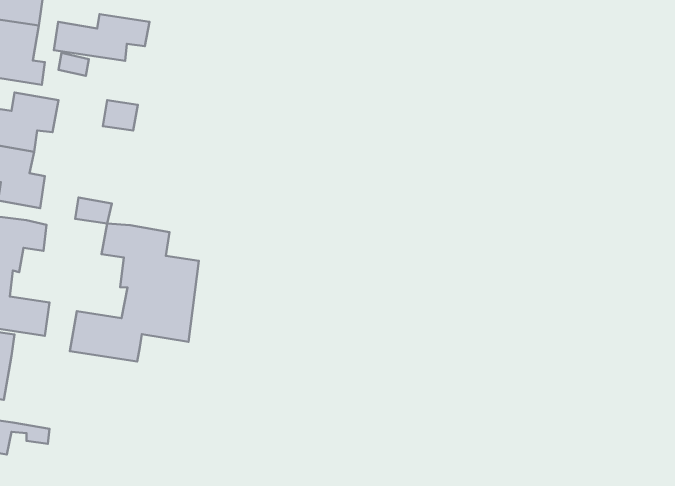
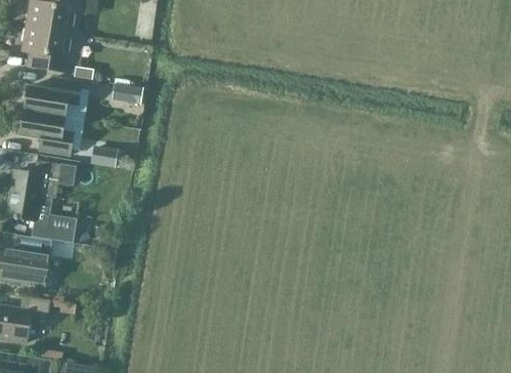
building: [54,14,150,61] -> none
building: [70,223,199,362] -> none

